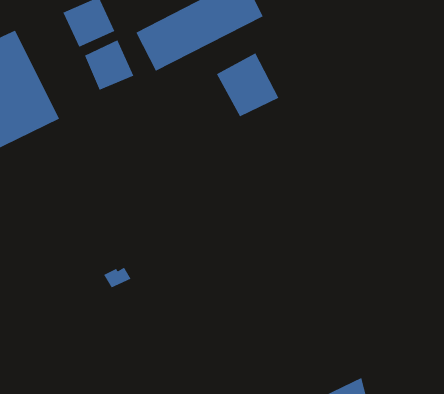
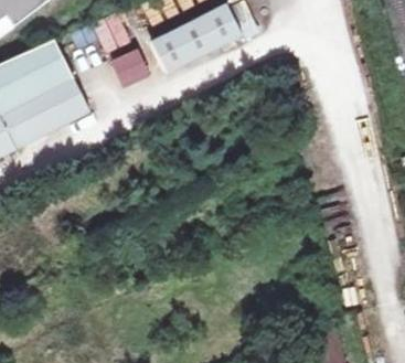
building: [216,52,279,117] -> none

